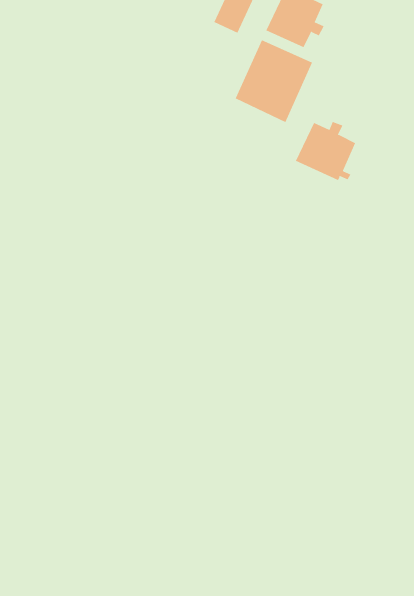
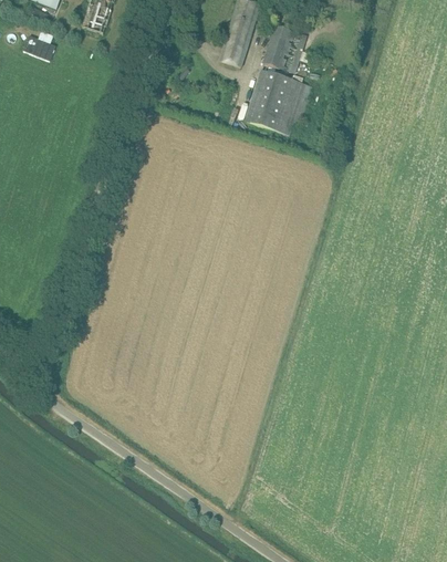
building: [295,121,356,181] -> none

